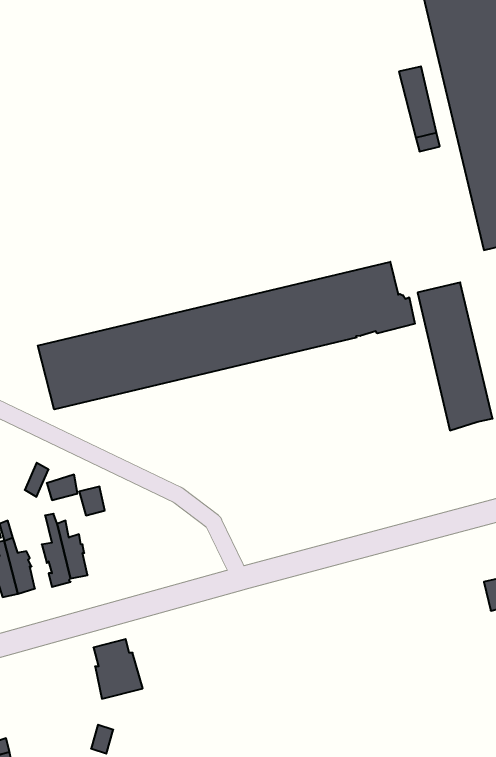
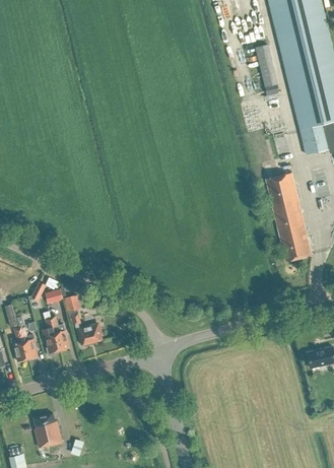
building: [38,262,415,409] -> none
building: none -> [72,314,102,345]
building: [93,639,143,699] -> [34,413,63,449]

